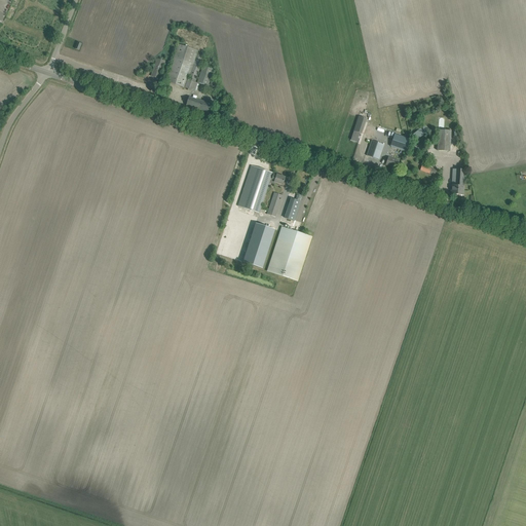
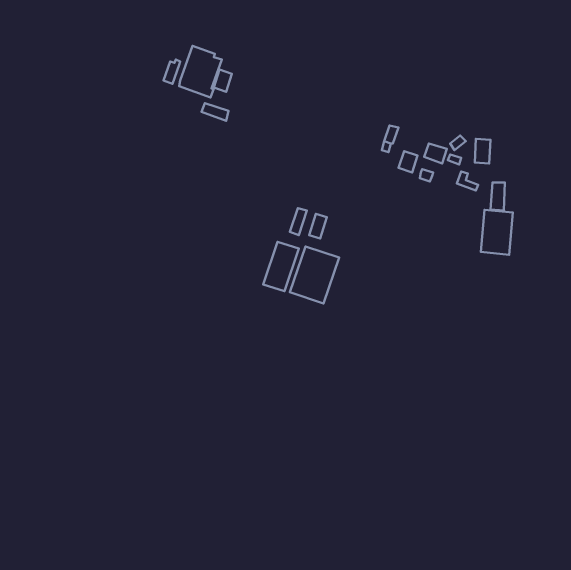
building: [237,164,285,212] -> none
building: none -> [481,210,513,255]

